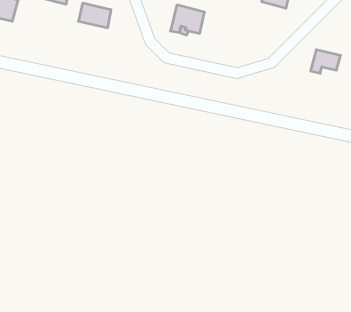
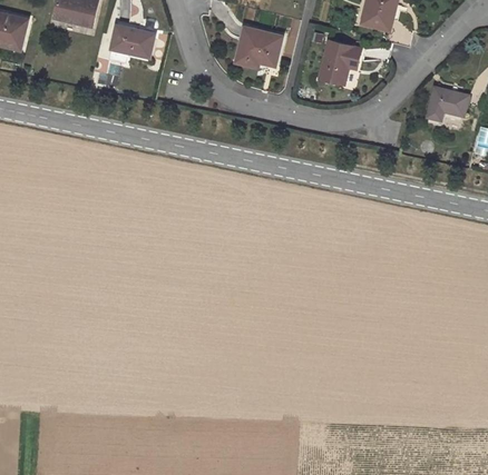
building: none -> [319,40,361,85]

